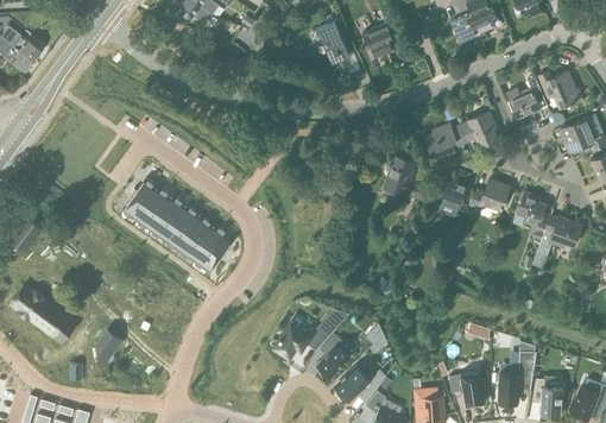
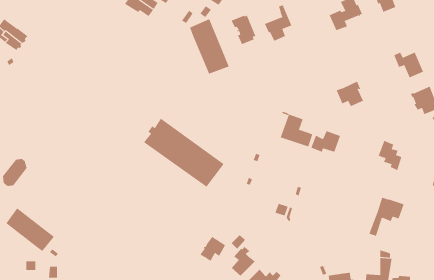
building: none -> [189,18,230,75]
building: [506,77,543,118] -> none
building: [424,124,467,160] -> none
building: [121,177,232,272] -> [143,118,224,188]
building: [467,178,507,209] -> none
building: [531,214,580,267] -> [369,197,404,237]
building: [95,329,121,365] -> none

